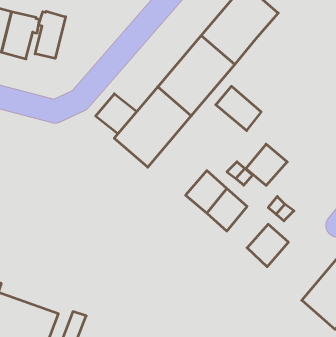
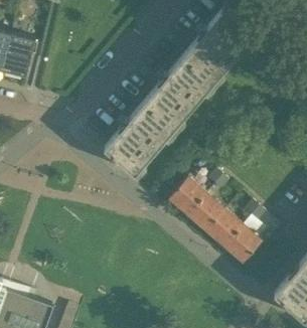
building: [35,11,66,58] -> none
building: [216,86,261,131] -> none
building: [96,94,137,134] -> none
building: [246,144,287,185] -> [207,210,245,248]

